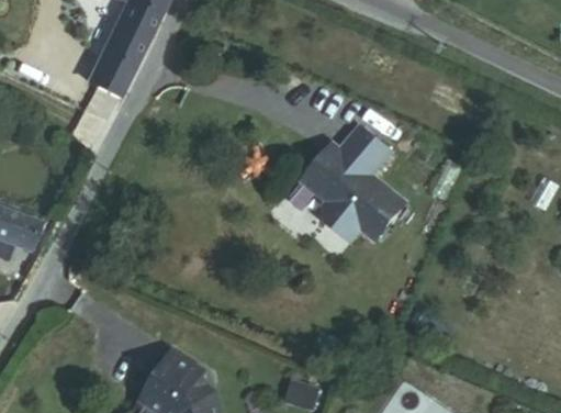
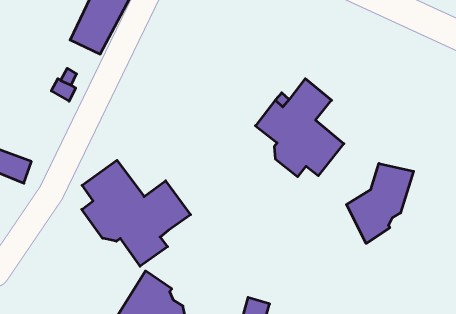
building: none -> [82,160,191,266]
building: none -> [346,163,414,243]

